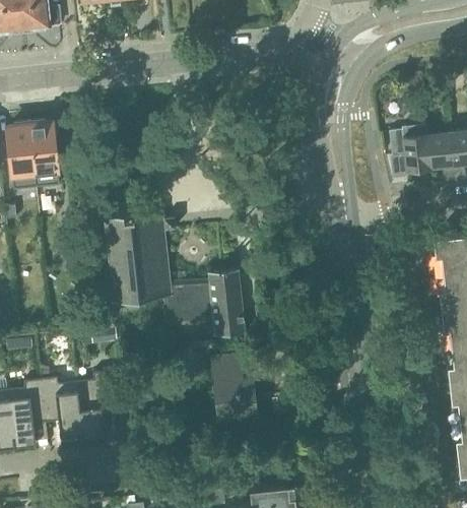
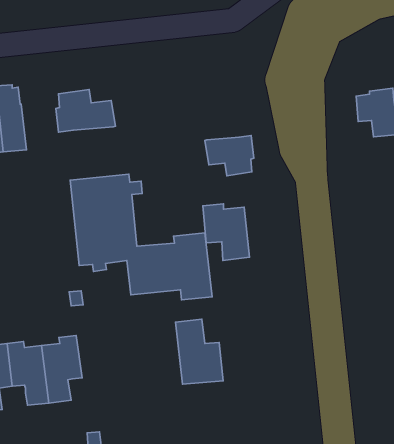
building: none -> [56,89,115,132]
building: none -> [205,135,254,176]
building: none -> [203,204,250,260]

